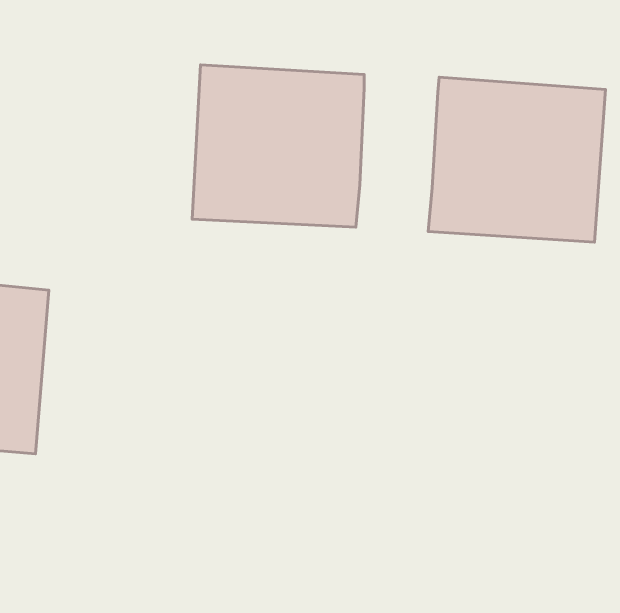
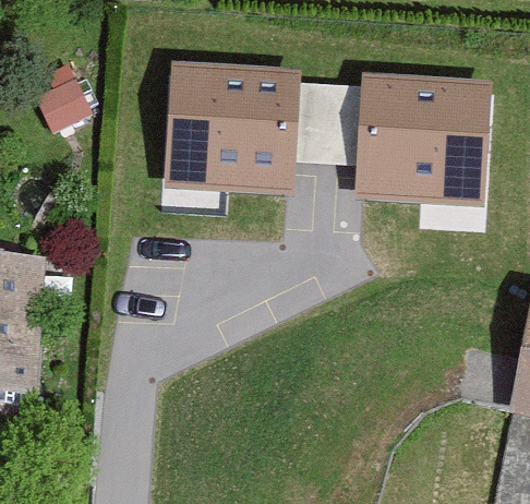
building: none -> [298,83,360,163]

